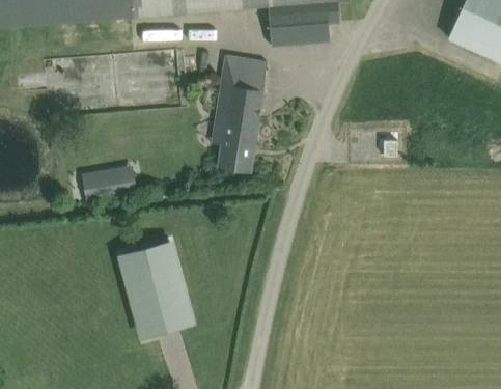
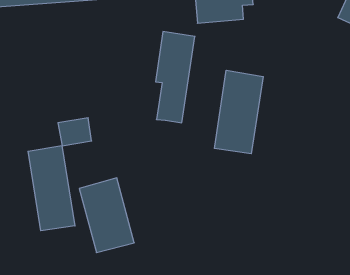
building: none -> [214,70,263,154]
building: none -> [28,146,75,231]

